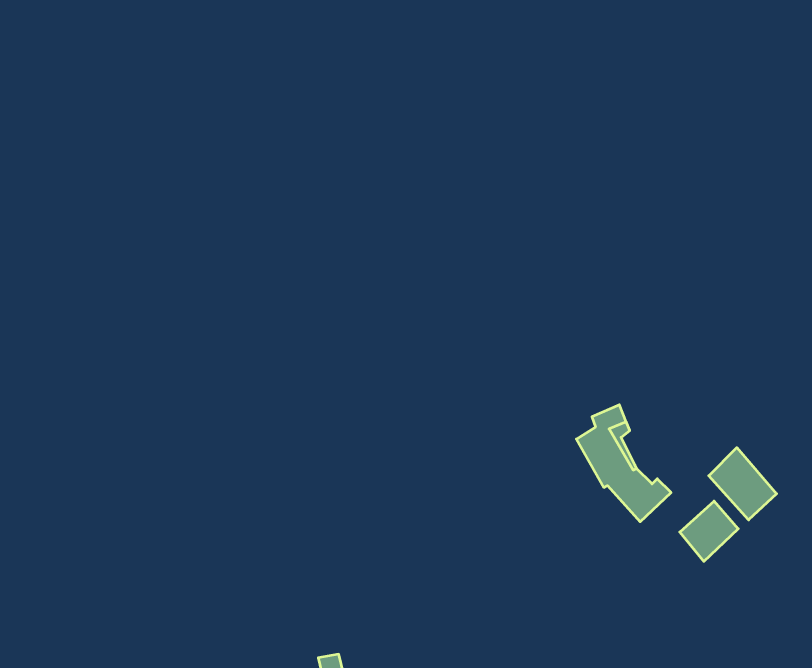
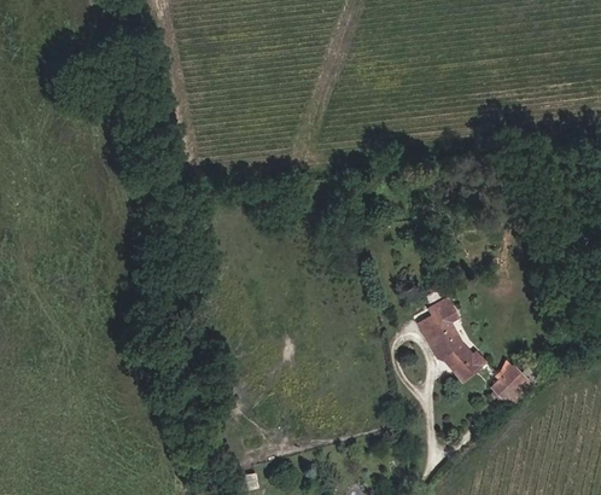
building: [709,448,777,520] -> none

